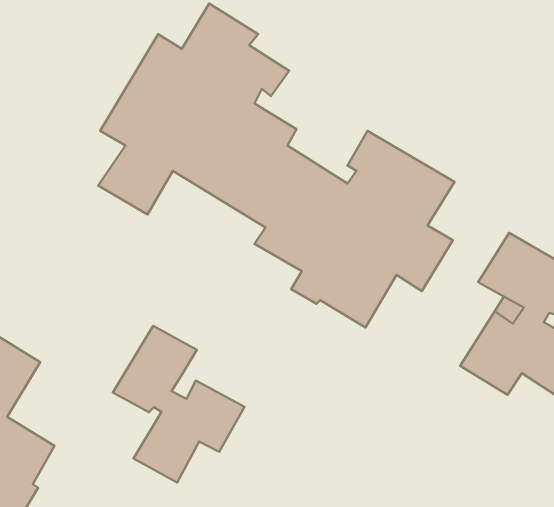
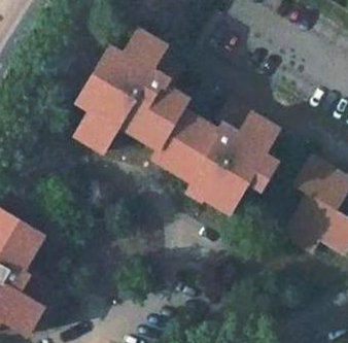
building: [113,326,245,482] -> none

